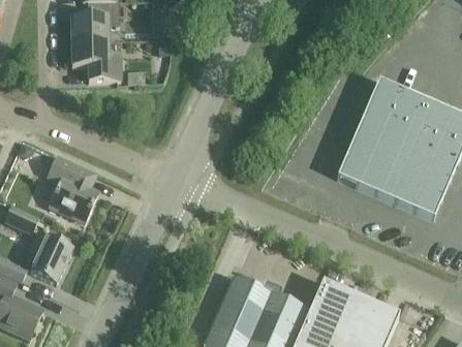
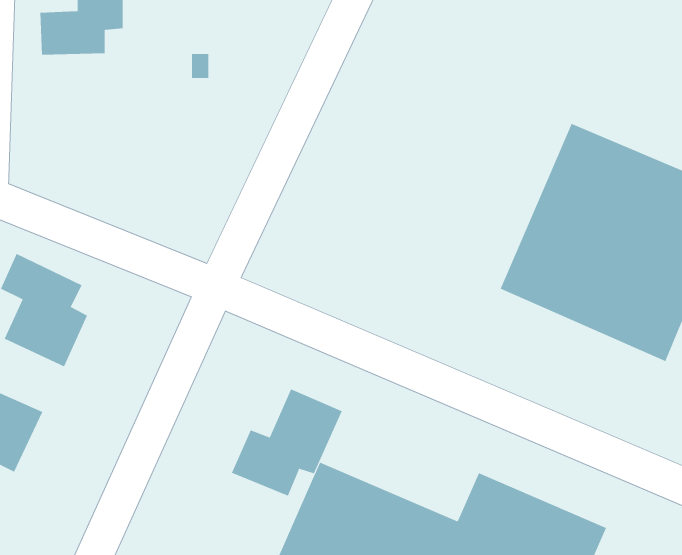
building: [71,38,121,78] -> none
building: none -> [231,389,342,496]

